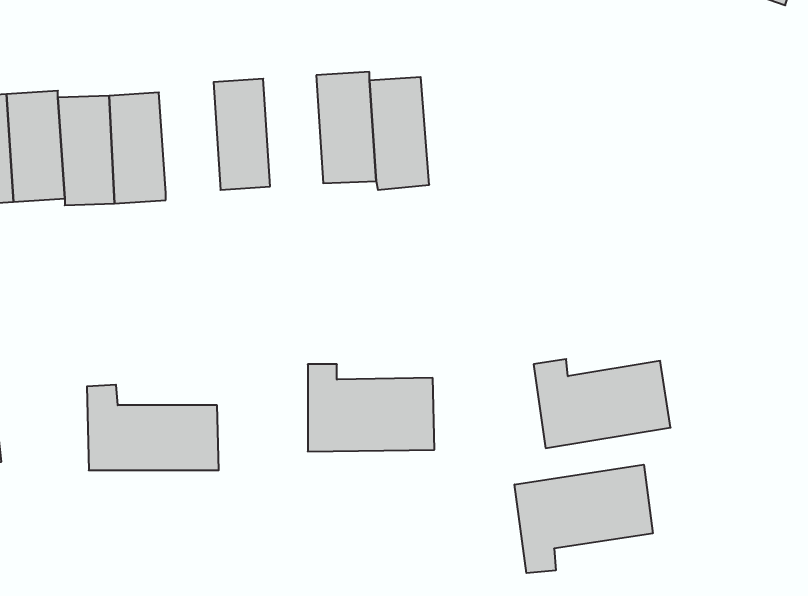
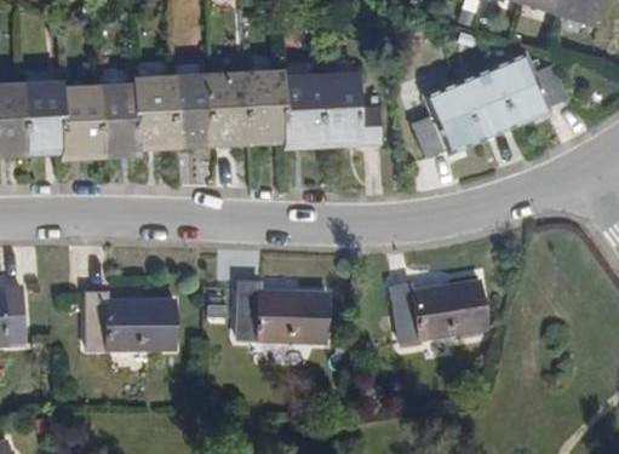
building: none -> [413,47,575,156]
building: none -> [210,69,252,148]
building: none -> [321,69,383,153]
building: none -> [136,74,179,153]
building: [515,465,653,573] -> none

